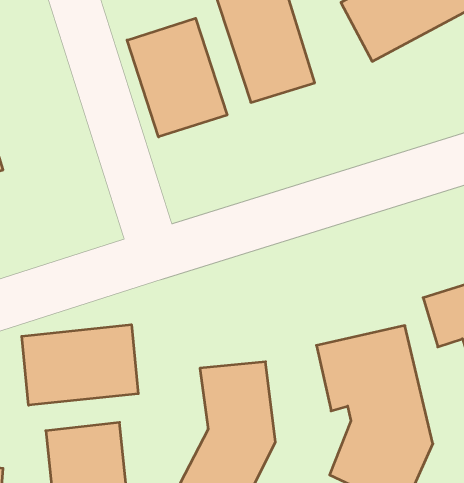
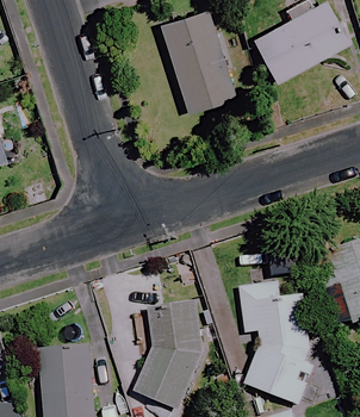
building: [127,18,227,137] -> none
building: [22,325,138,405] -> none

